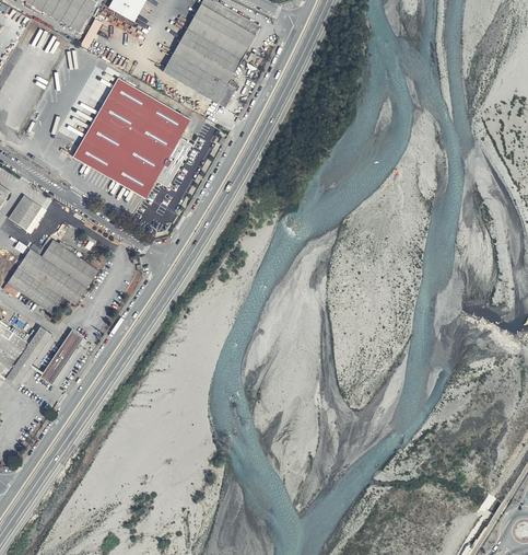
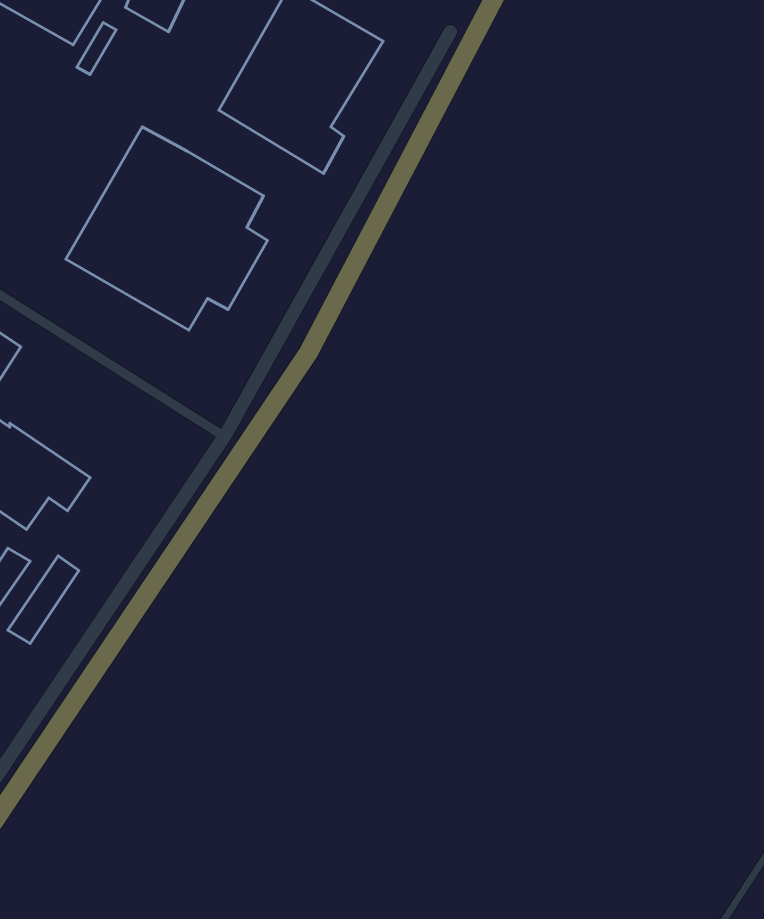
building: [39,238,96,284] -> none

